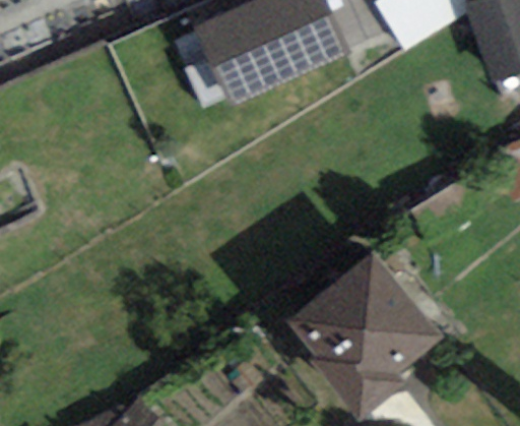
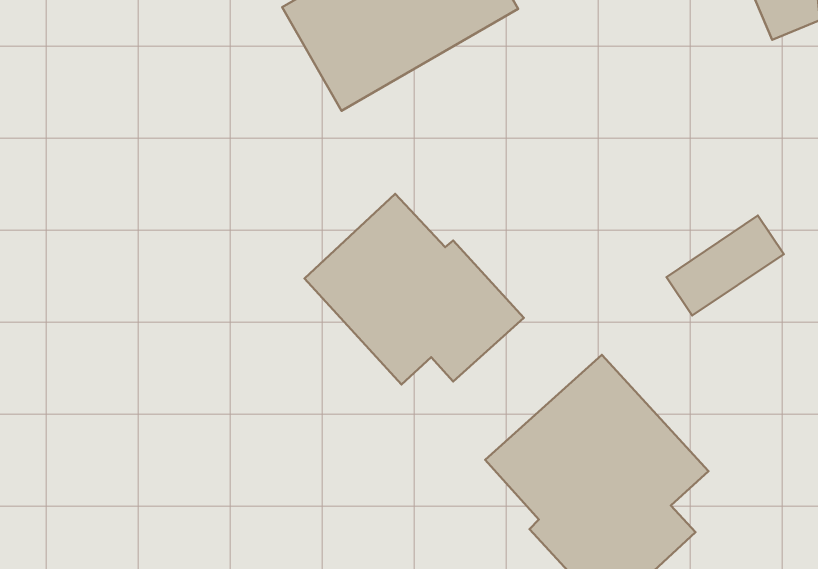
building: none -> [305,194,524,384]

